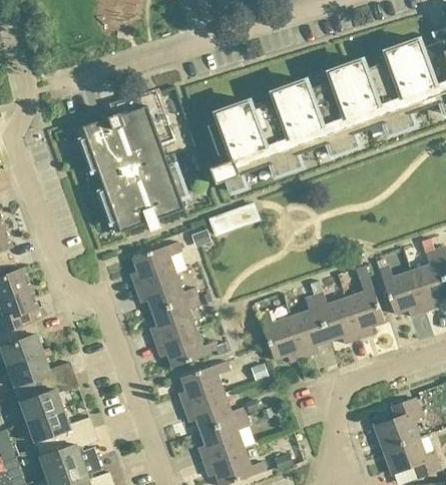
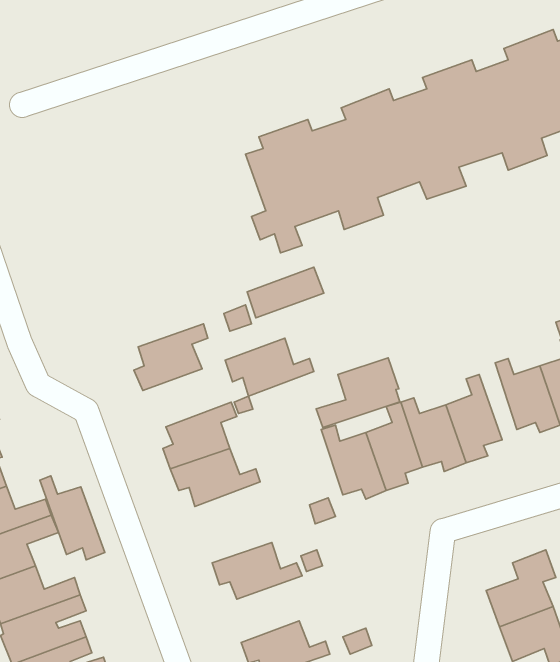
building: [80,90,186,231] -> none
building: none -> [316,358,400,427]
building: [135,272,196,312] -> [225,338,314,396]
building: none -> [40,476,105,560]
building: [178,360,229,406] -> none
building: [197,415,249,461] -> none

